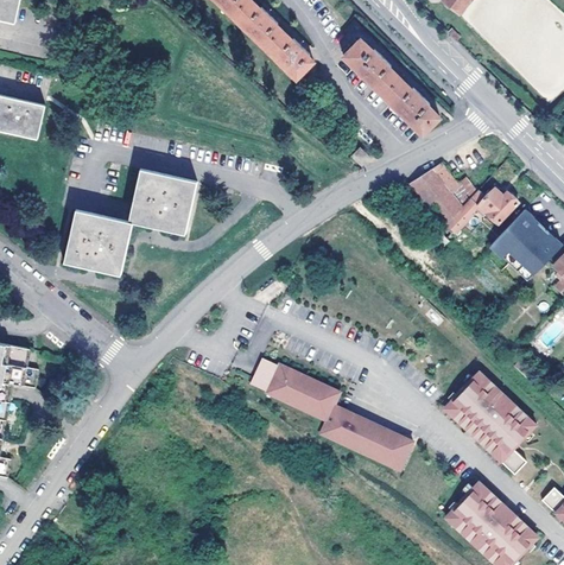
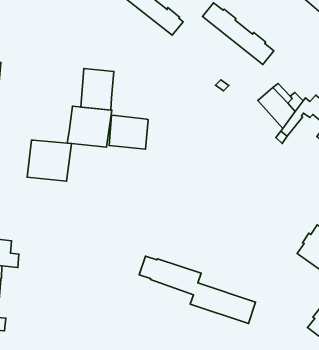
building: none -> [81,68,114,110]
building: none -> [109,115,148,149]
building: [251,360,413,472] -> [139,256,255,324]

